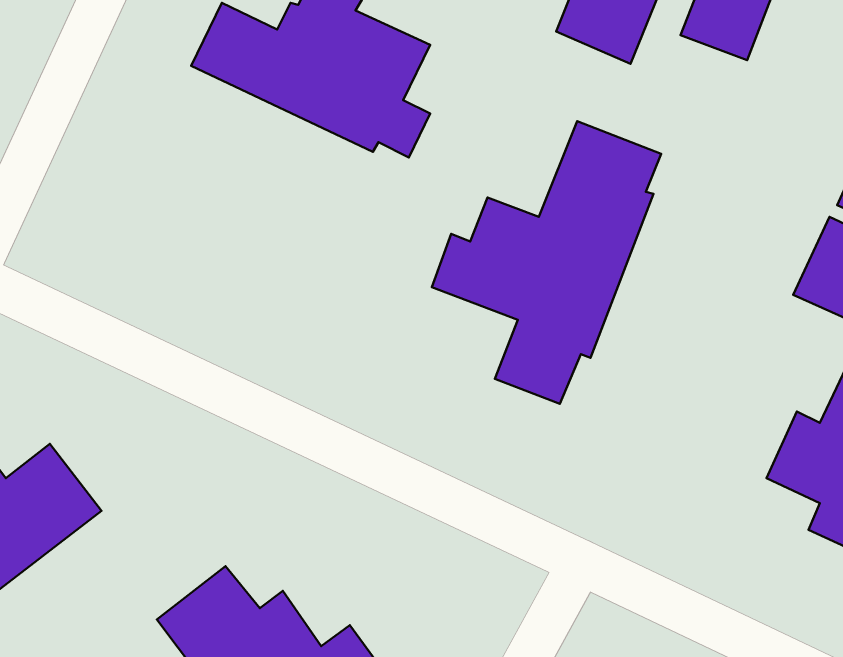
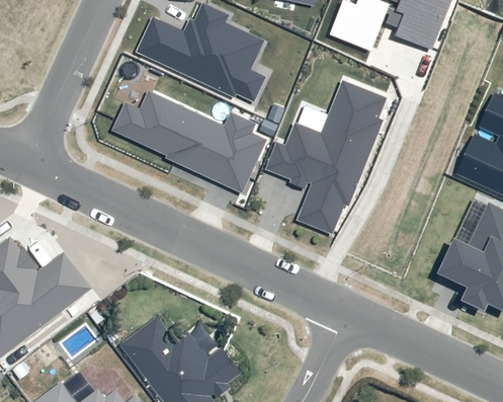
building: none -> [112,89,265,189]

